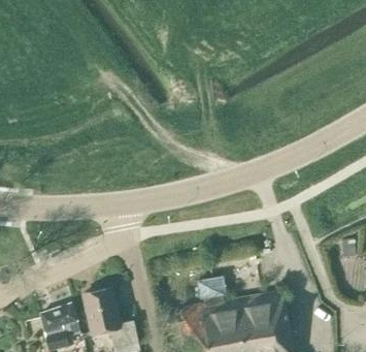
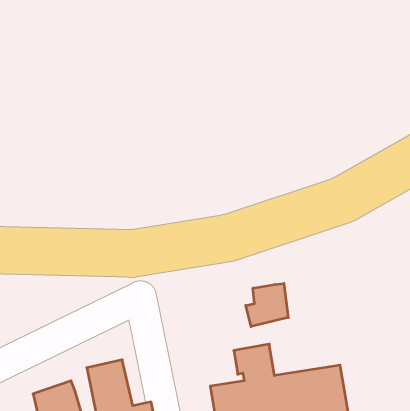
building: none -> [246,283,288,327]

